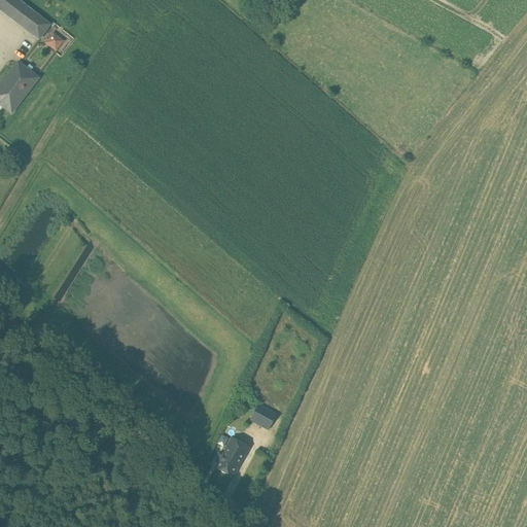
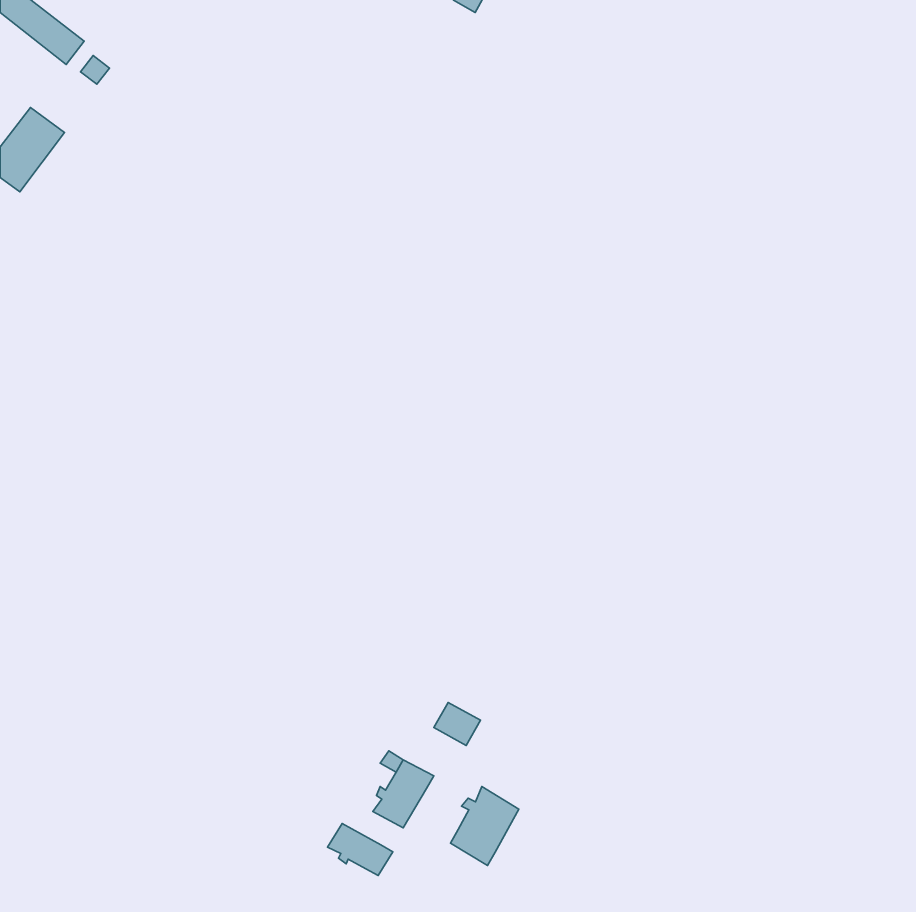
building: none -> [451,787,519,865]
building: none -> [327,823,393,876]

